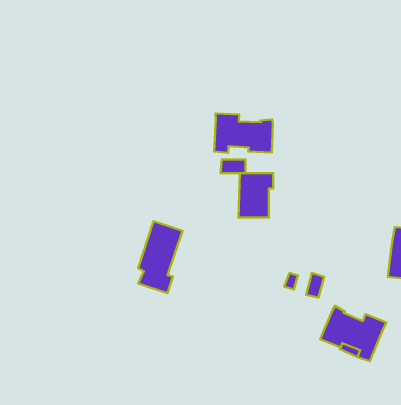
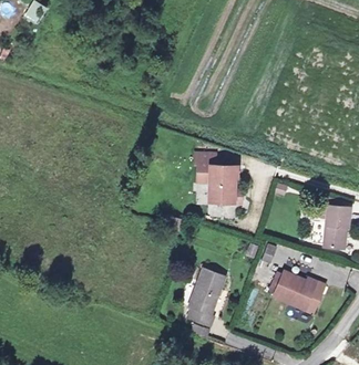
building: [214,113,273,153] -> none
building: [138,221,183,293] -> [186,271,222,328]

